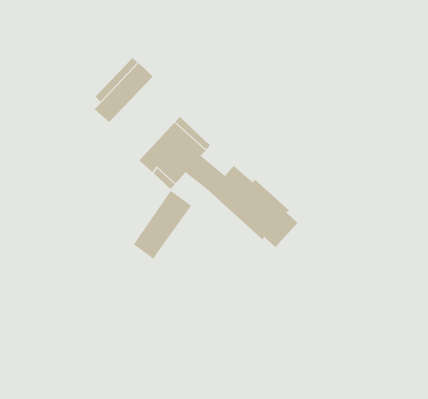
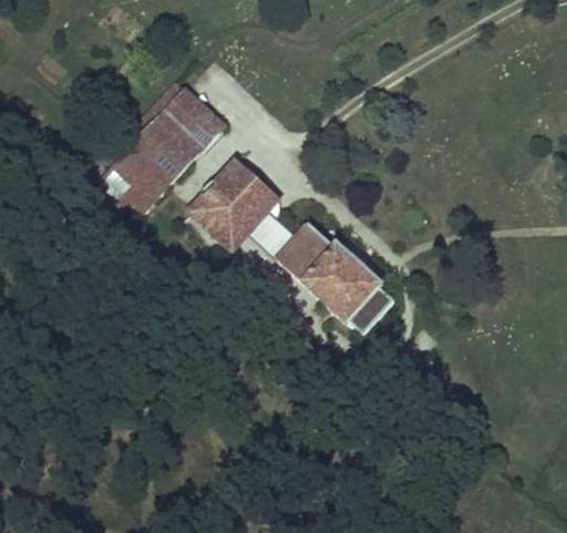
building: none -> [99,106,225,217]
building: [133,190,192,260] -> none

